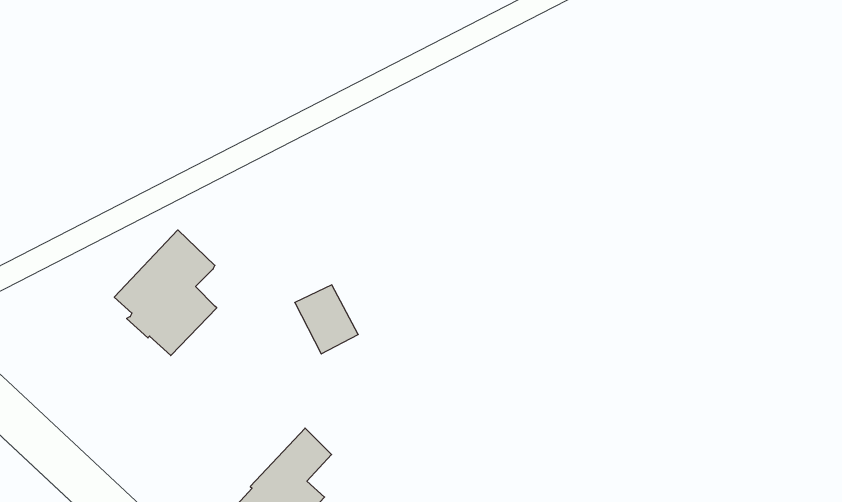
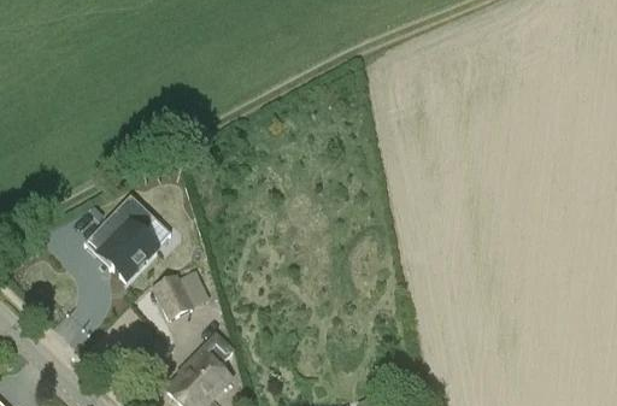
building: [295,285,358,354] -> [151,273,194,320]

